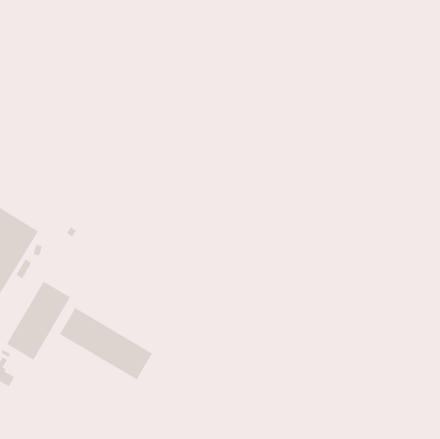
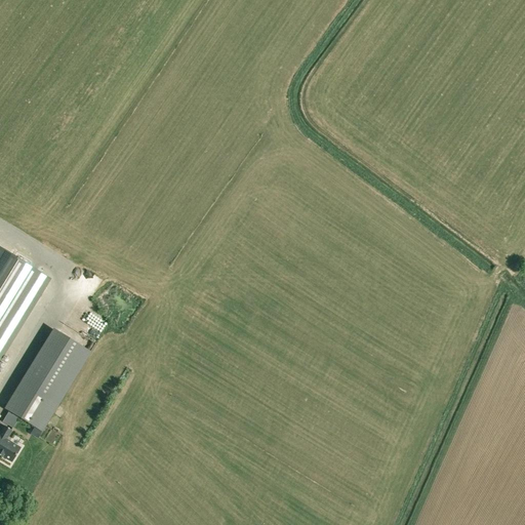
building: [59,307,153,380] -> none

